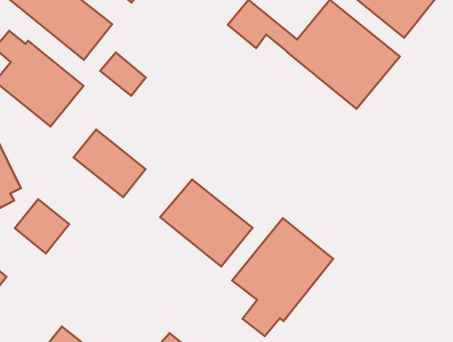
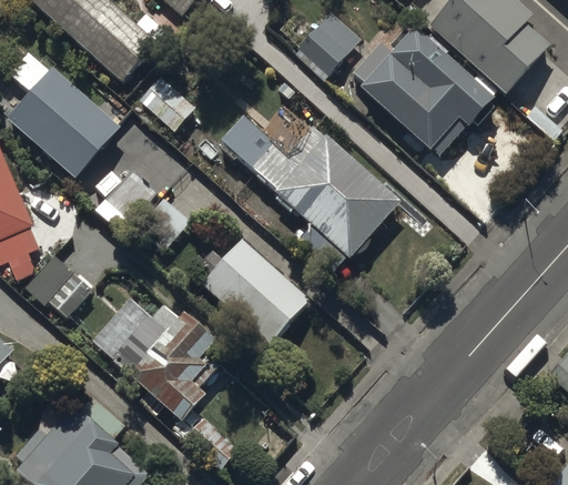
building: none -> [221,115,402,259]
building: [232,218,333,336] -> none
building: none -> [87,294,216,422]

